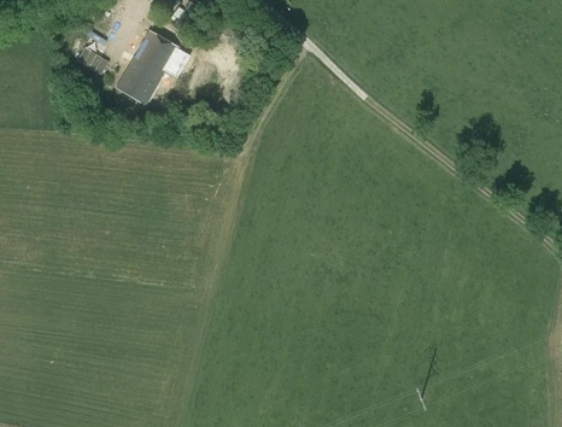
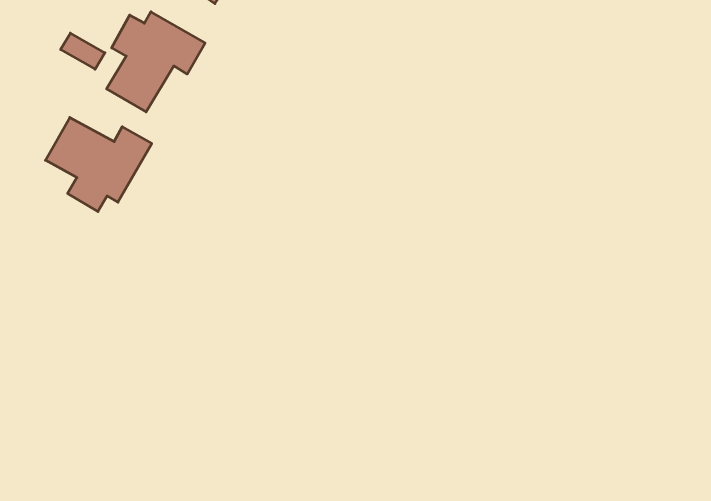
building: none -> [45,117,152,212]

